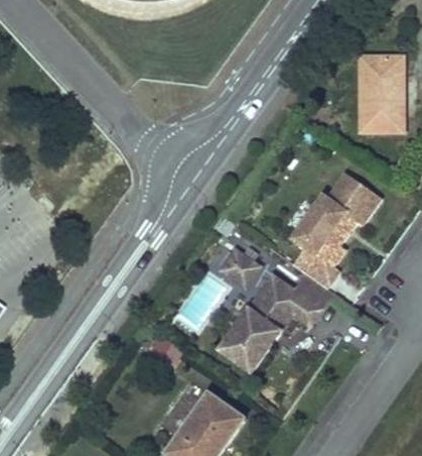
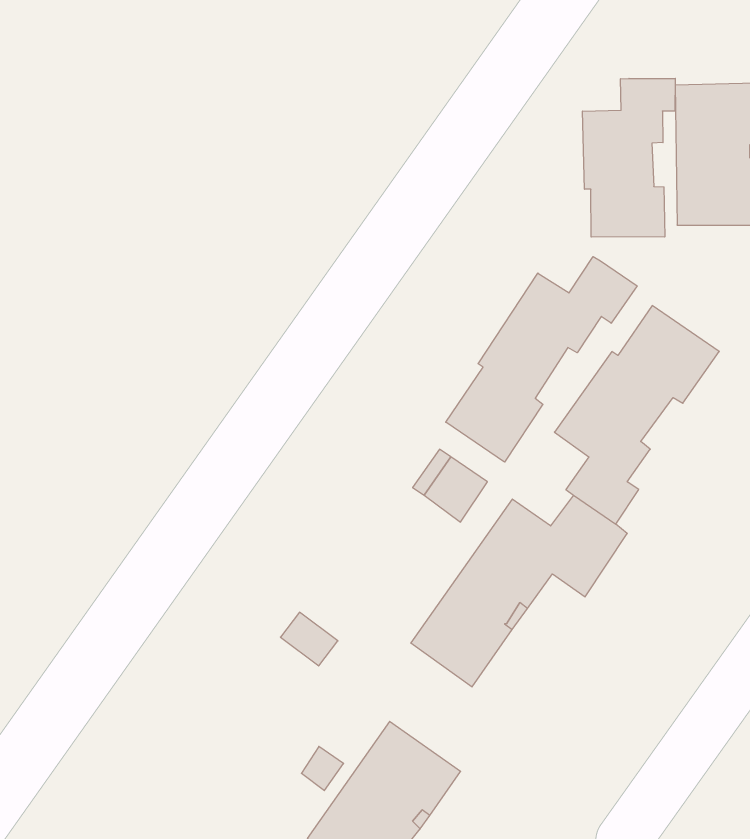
building: none -> [583,78,675,237]
building: none -> [446,257,637,462]

